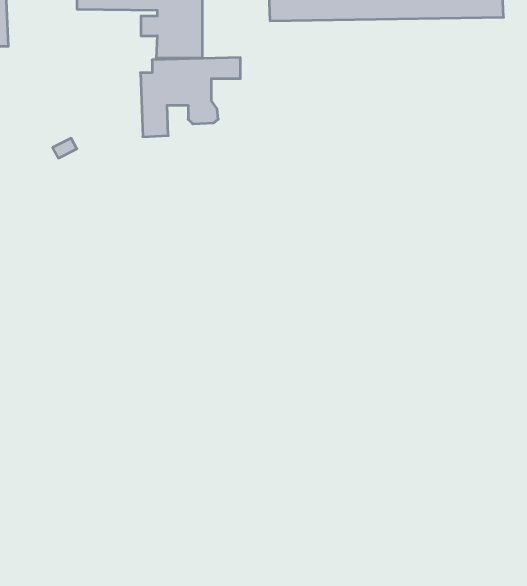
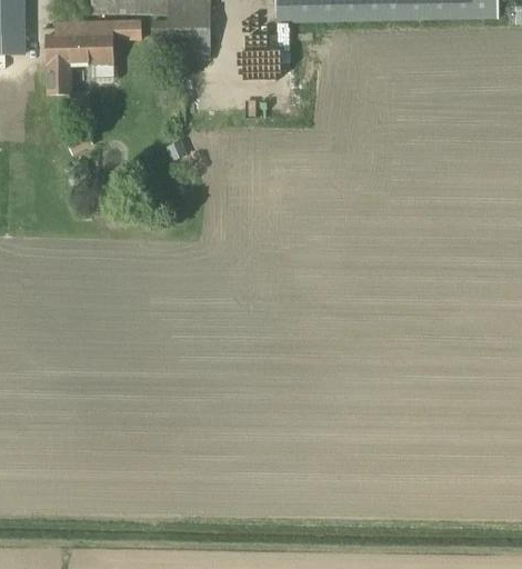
building: [140,58,240,137] -> [44,17,140,92]

